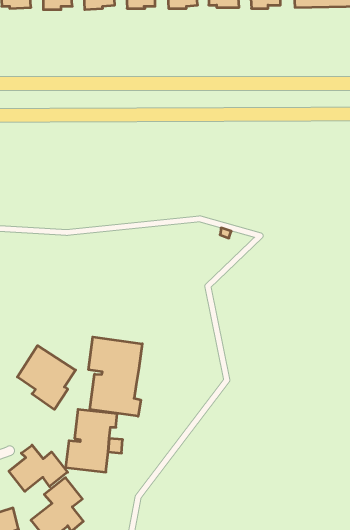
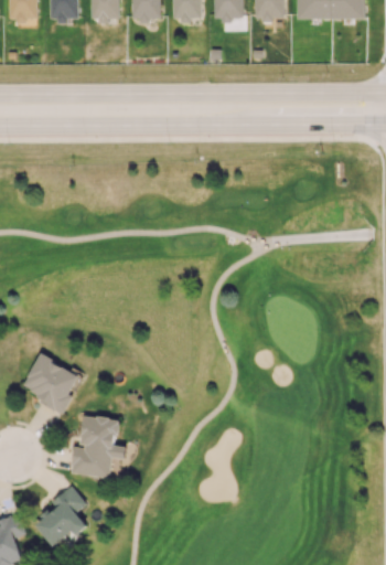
building: [89,337,142,416] -> none
building: [9,445,68,491] -> none

